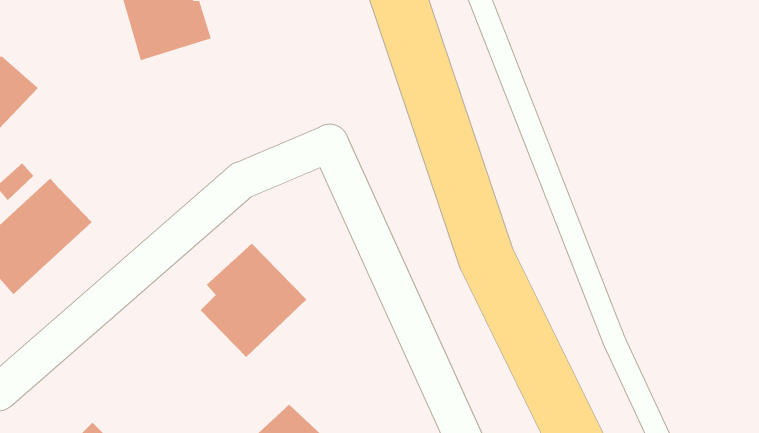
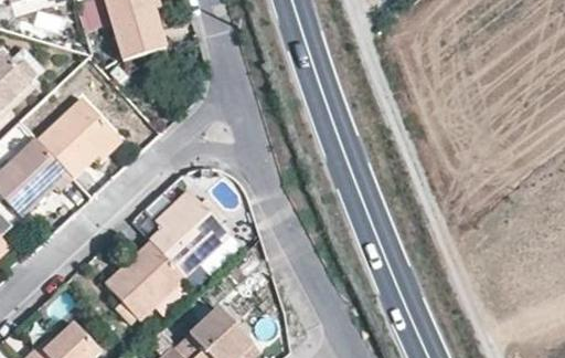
building: none -> [39,101,116,173]
building: none -> [105,239,184,319]

